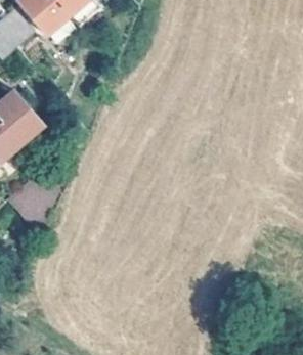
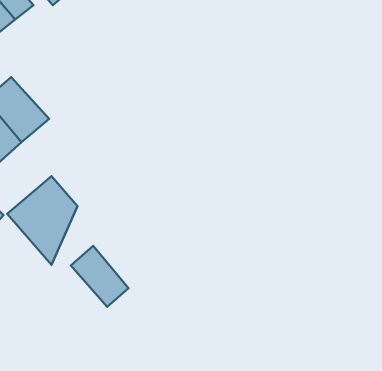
building: none -> [71,246,128,307]

